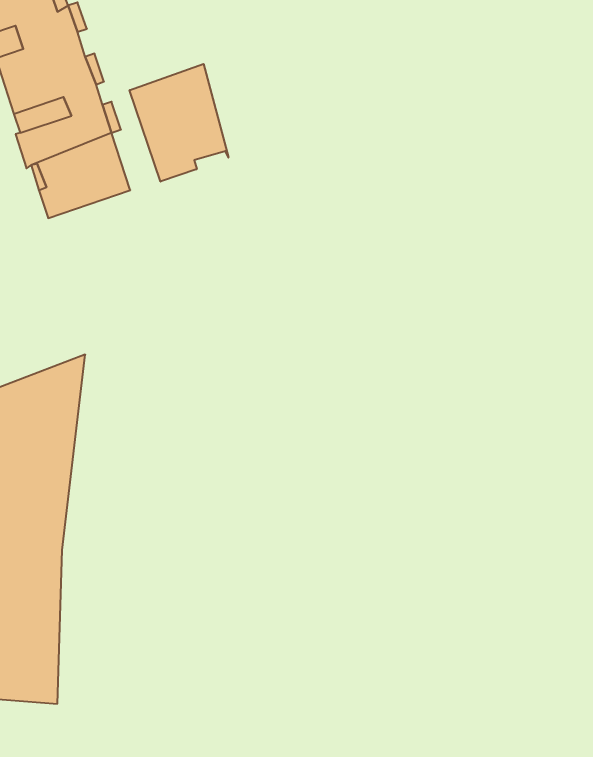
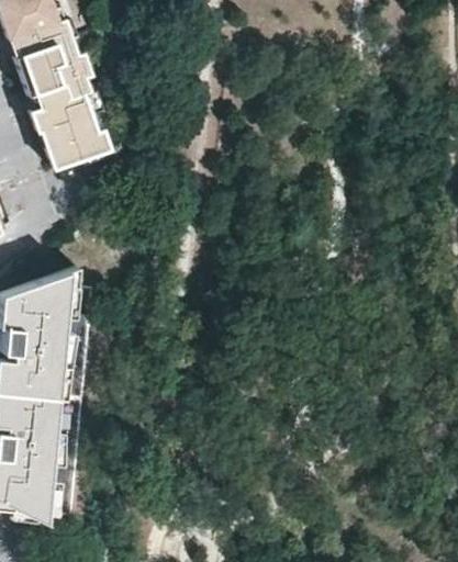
building: [130,64,228,182] -> none

